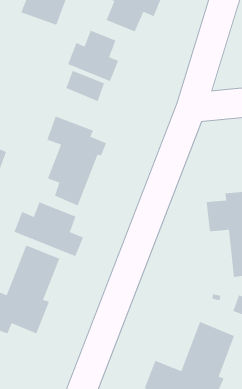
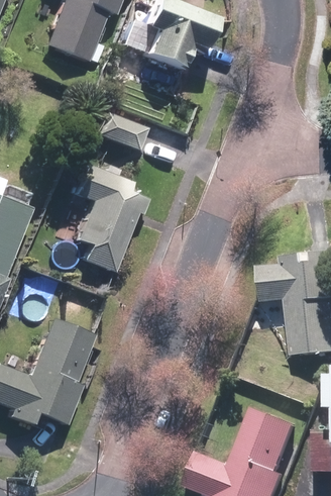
building: [68,30,119,82] -> none
building: [14,202,84,257] -> none

